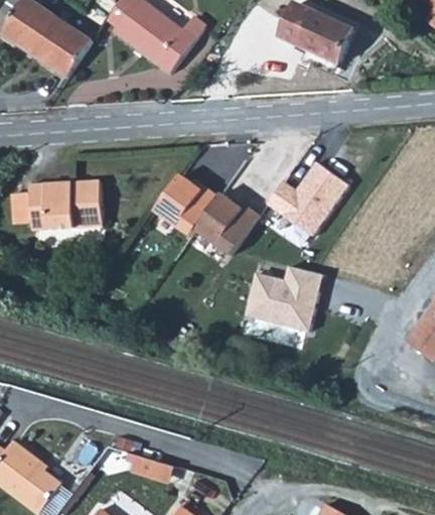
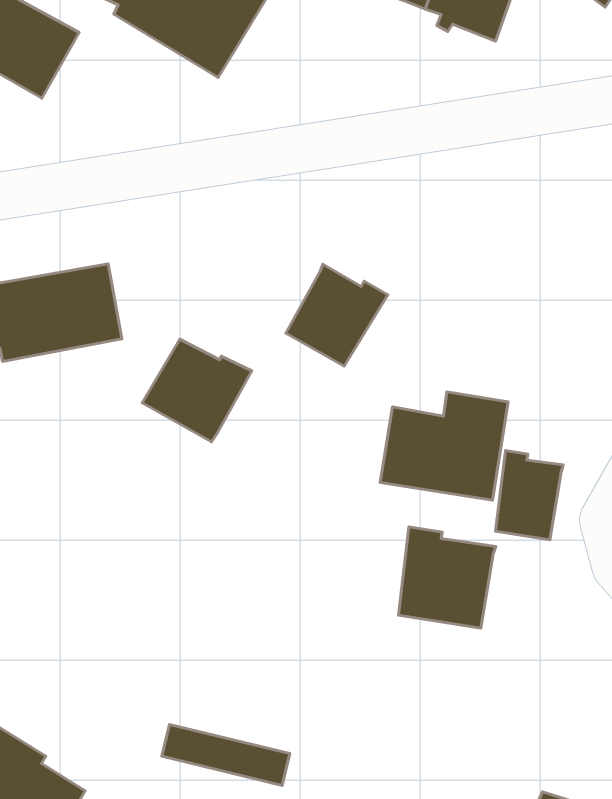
building: [268,165,348,239] -> none
building: [156,169,222,231] -> [142,339,252,442]
building: none -> [495,451,563,540]
building: none -> [399,527,496,628]

